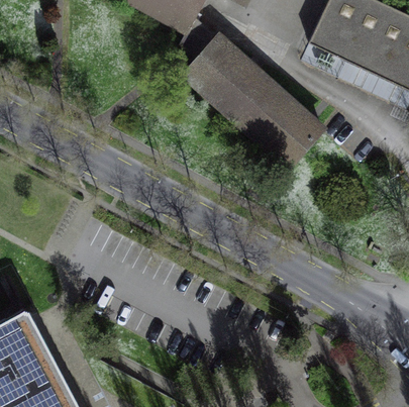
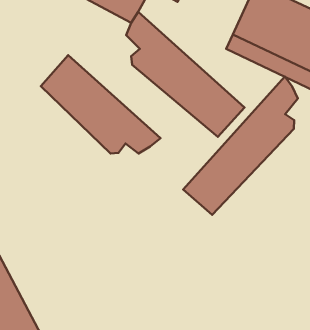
building: none -> [41,55,160,154]
building: none -> [183,77,298,215]

